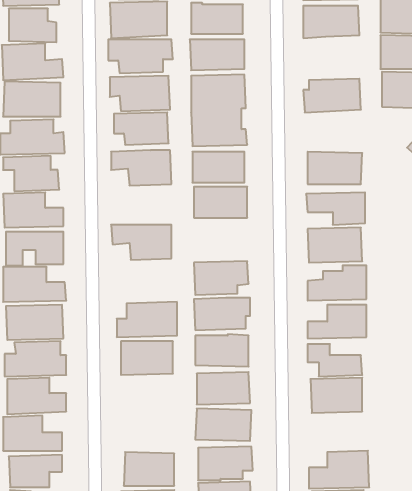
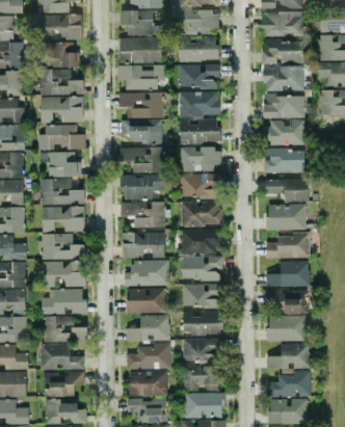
building: none -> [263,66,303,91]
building: none -> [263,121,304,145]
building: none -> [120,175,165,199]
building: none -> [181,203,219,226]
building: none -> [122,233,164,259]
building: none -> [126,316,169,370]
building: none -> [265,343,310,370]

